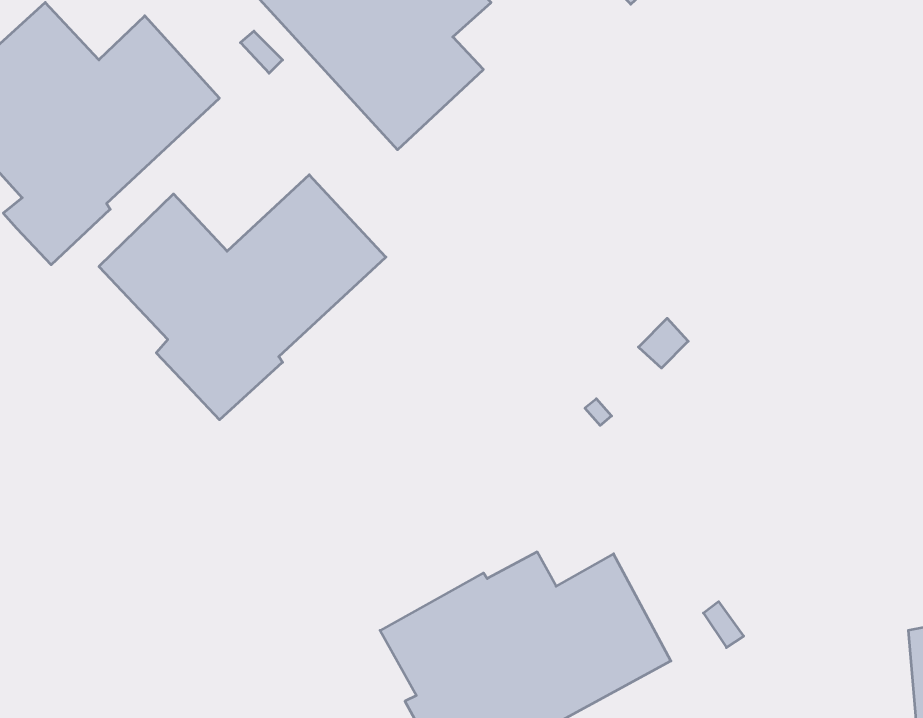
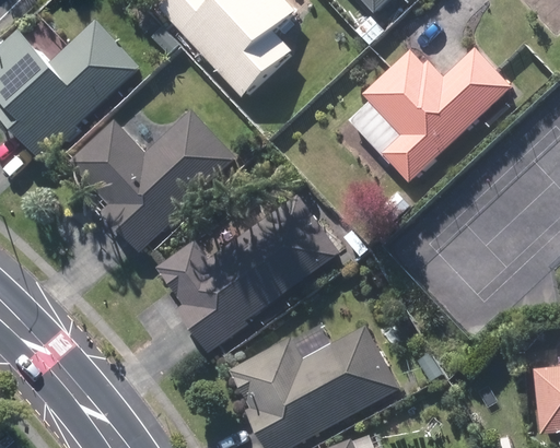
building: none -> [364,49,511,181]
building: none -> [156,196,338,352]

